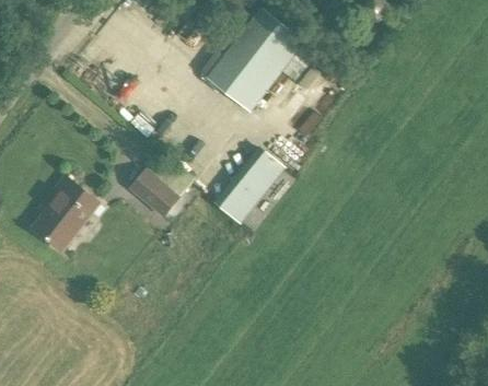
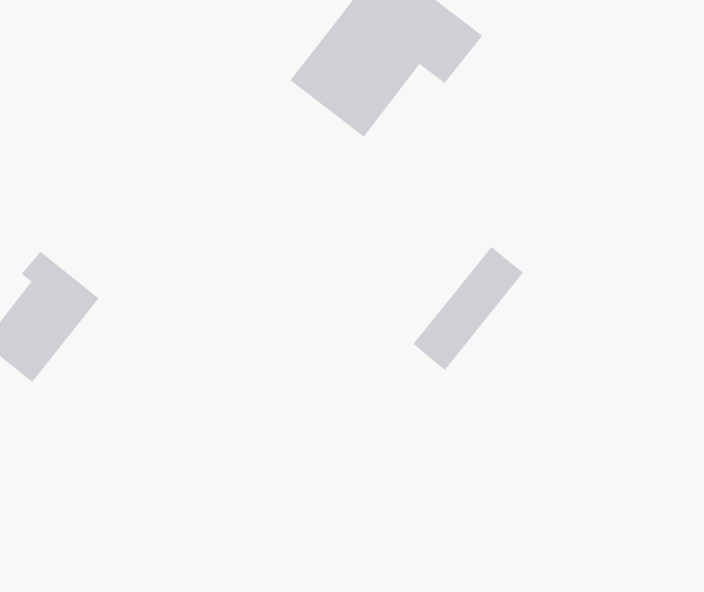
building: [219,151,282,222] -> [413,246,524,371]
building: [129,169,178,215] -> none

